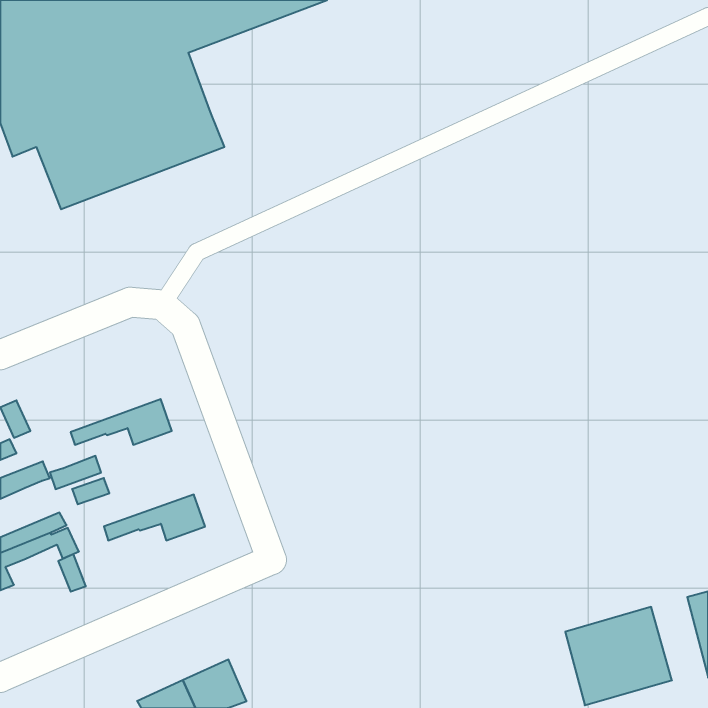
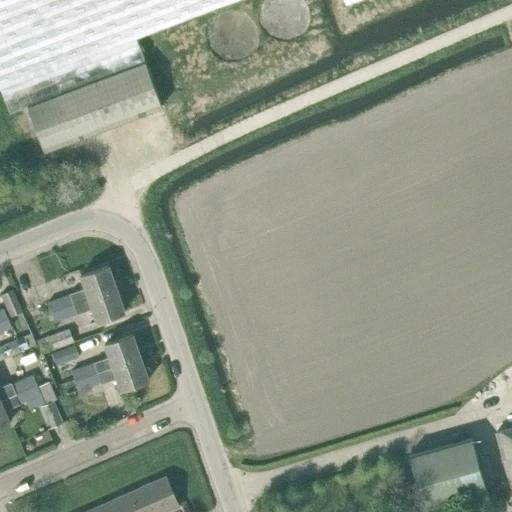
building: none -> [47,265,116,312]
building: none -> [71,334,140,380]

